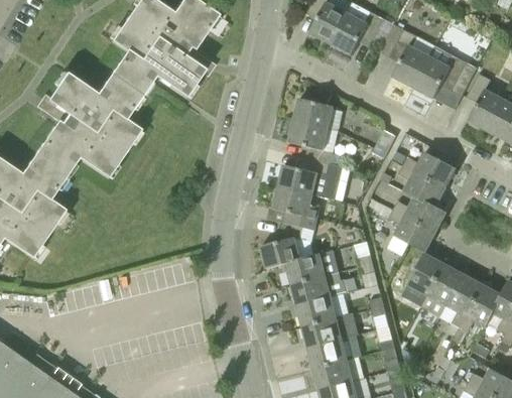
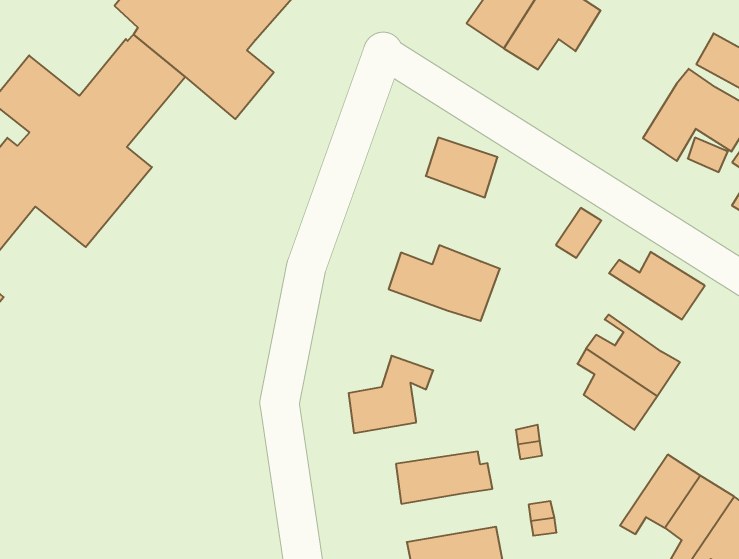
building: [389,29,430,88] -> none
building: [289,120,333,165] -> none
building: [398,165,445,207] -> none
building: [274,185,316,230] -> none
building: [267,250,338,283] -> none
building: [407,253,444,306] -> none
building: [297,296,337,326] -> none

